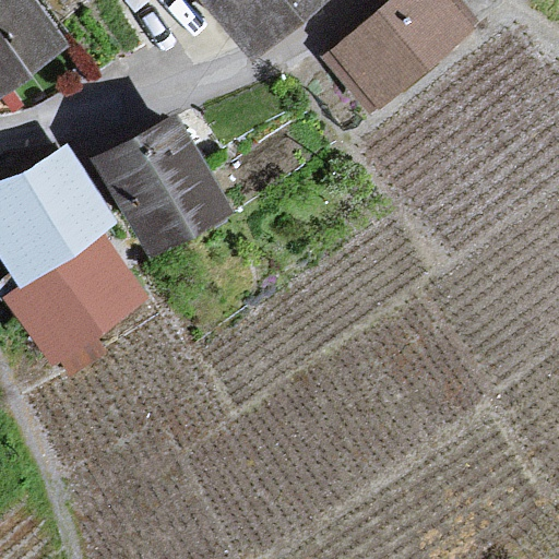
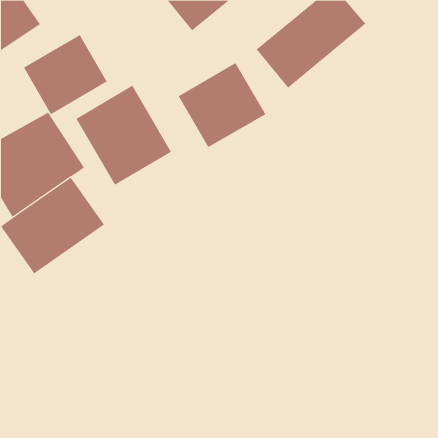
building: none -> [23,34,108,115]
building: none -> [178,62,266,148]

